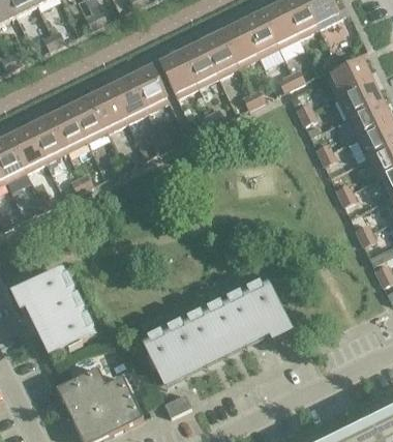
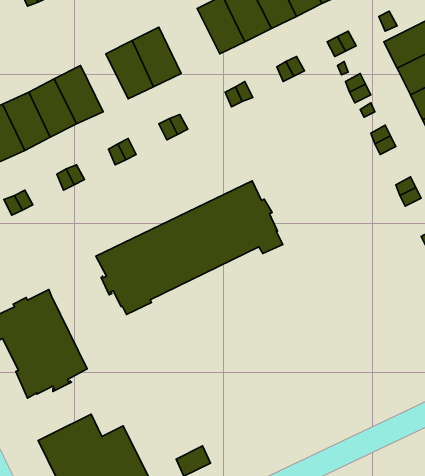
building: [159,50,199,95] -> none
building: [90,85,127,130] -> none
building: [143,281,289,385] -> [96,181,283,315]

